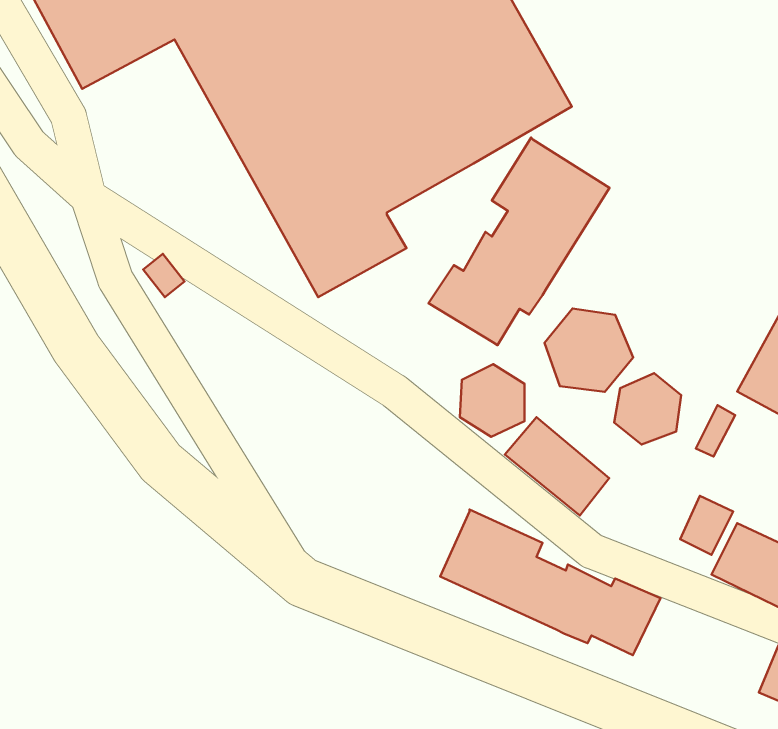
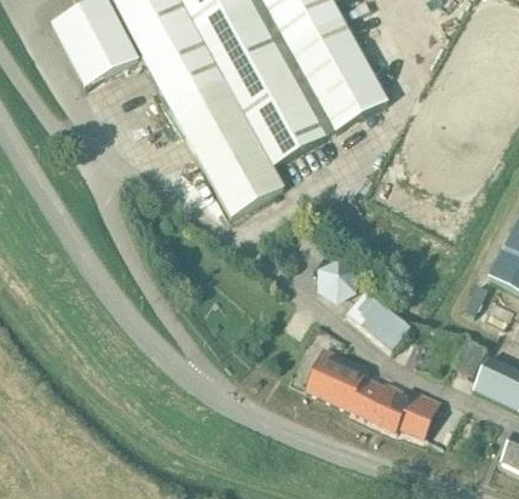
building: [429,138,610,345] -> none
building: [544,308,633,392] -> none
building: [614,373,681,444] -> none

